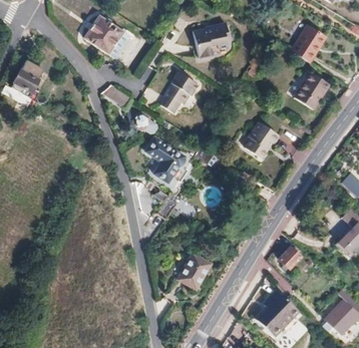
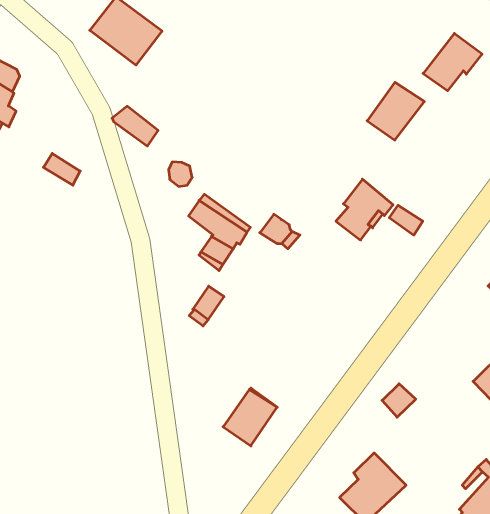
building: [195,21,229,55] -> none
building: [161,72,200,113] -> none
building: [296,74,331,110] -> [367,82,424,140]

